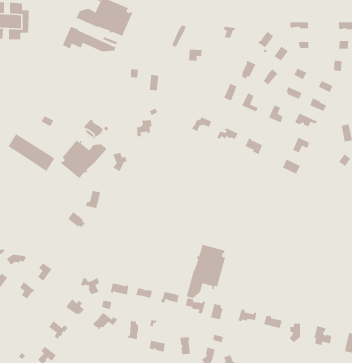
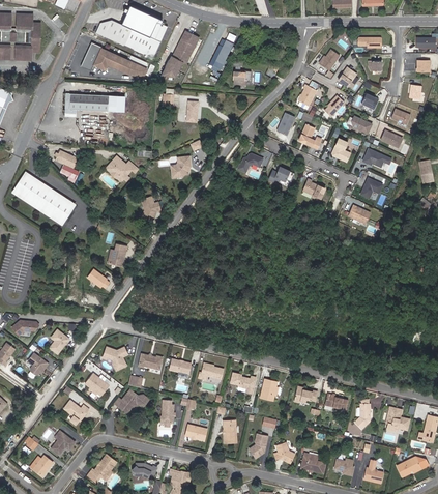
building: none -> [162,31,199,77]
building: none -> [64,93,109,113]
building: [60,139,107,179] -> none
building: [186,244,226,299] -> none

